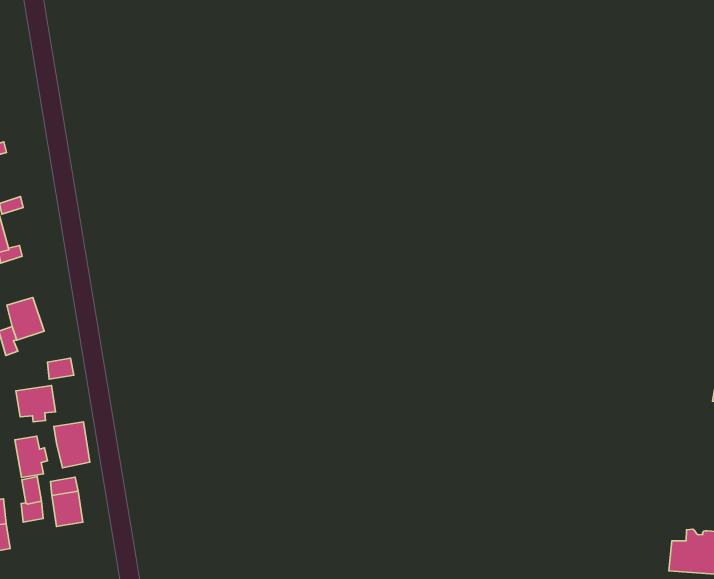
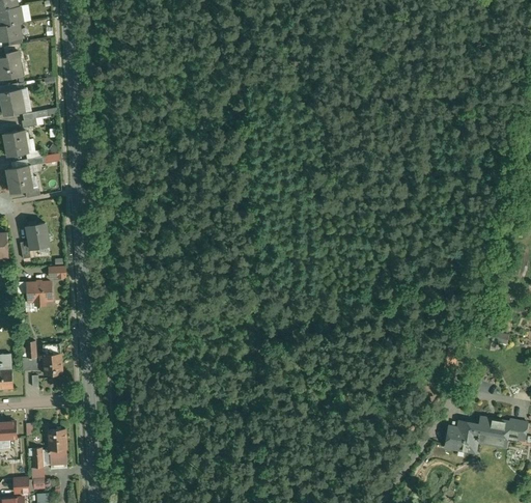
building: [54,422,90,468] -> none
building: [15,436,47,477] -> none

